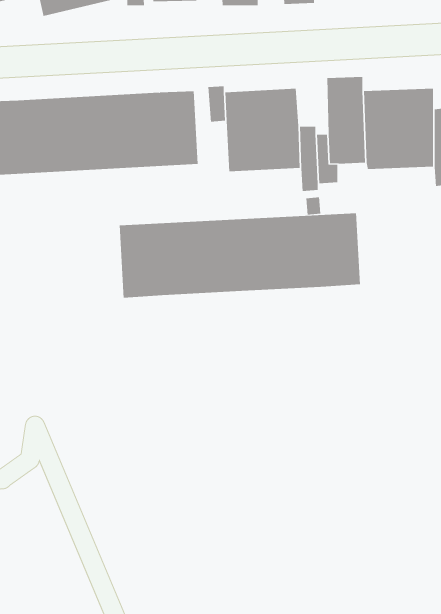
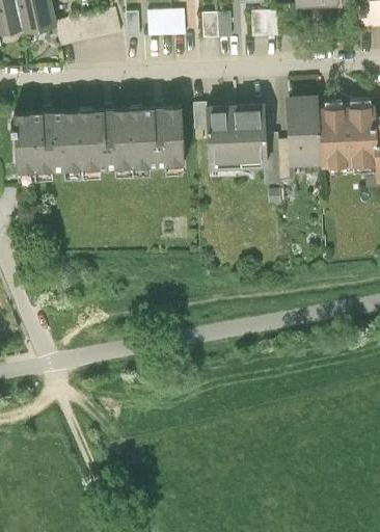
building: [119,213,361,298] -> none

